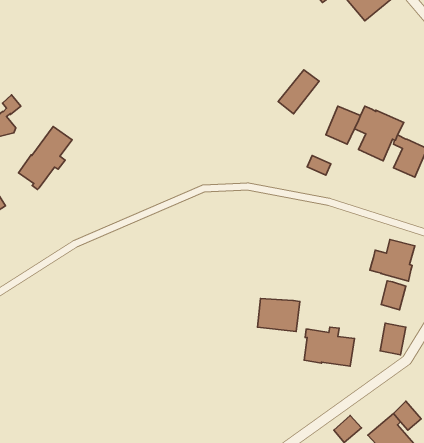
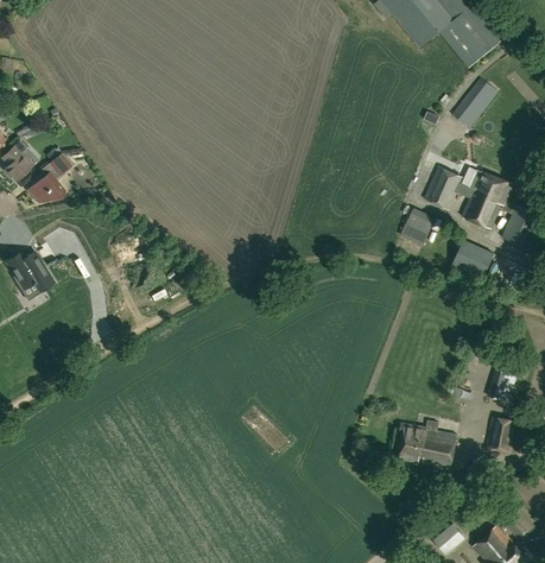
building: [278,70,319,114] -> [450,77,498,128]
building: [19,127,72,190] -> none
building: none -> [451,241,493,280]
building: [370,240,415,281] -> none
building: [258,298,300,331] -> none

